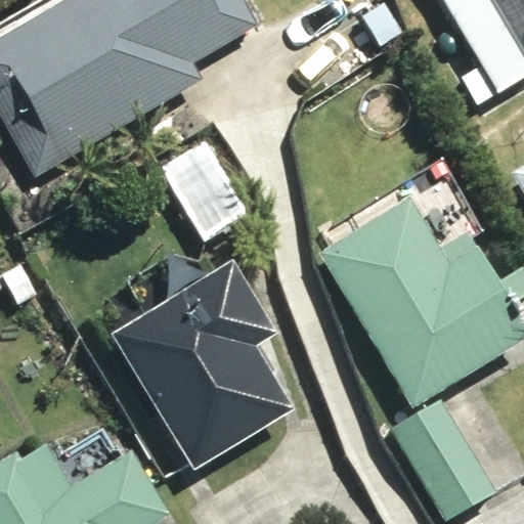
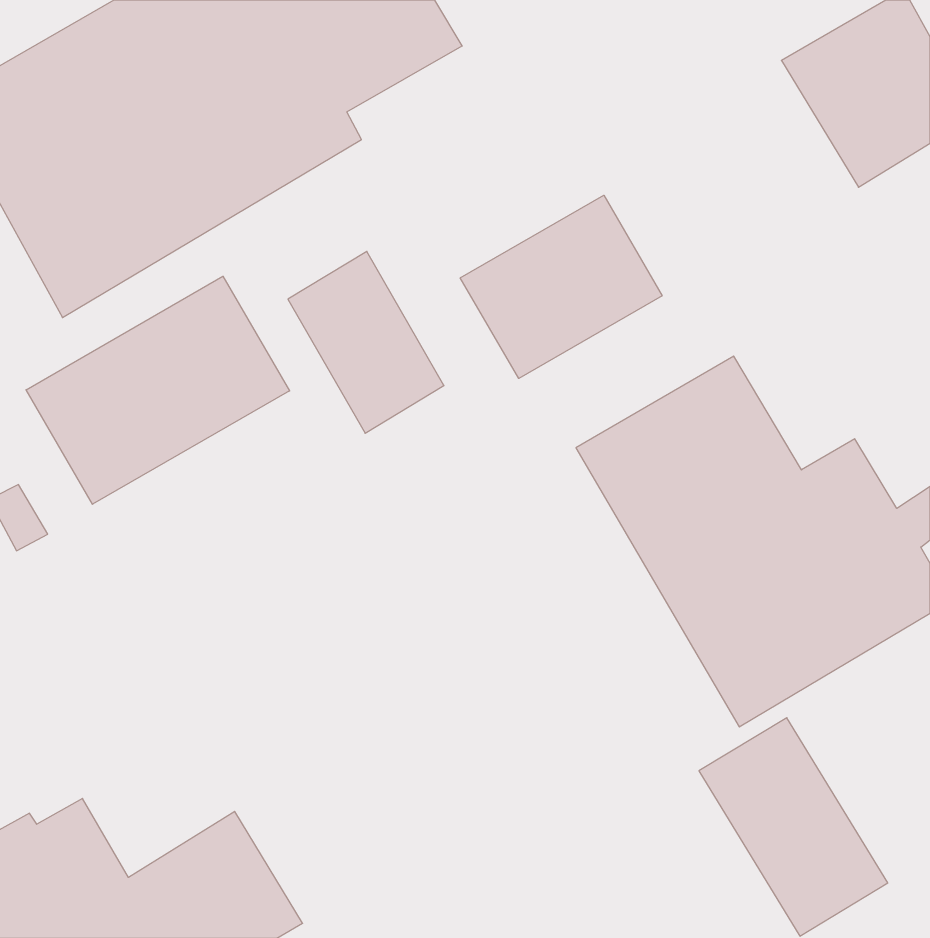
building: none -> [460,195,662,378]
building: none -> [26,276,290,504]
building: [113,260,294,470] -> none

